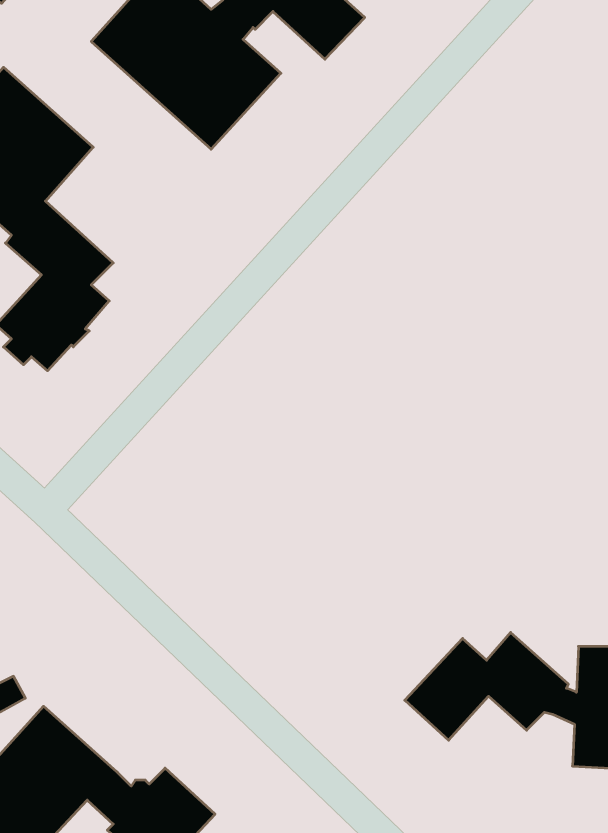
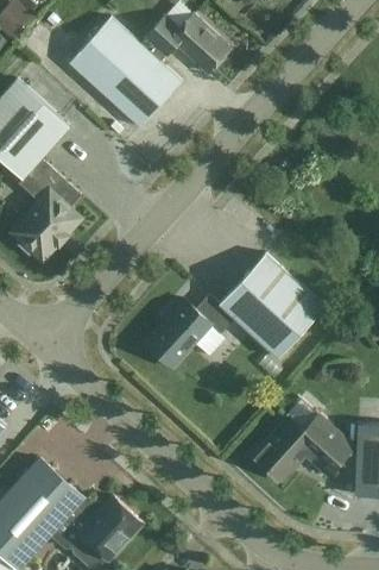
building: none -> [145,253,323,368]

